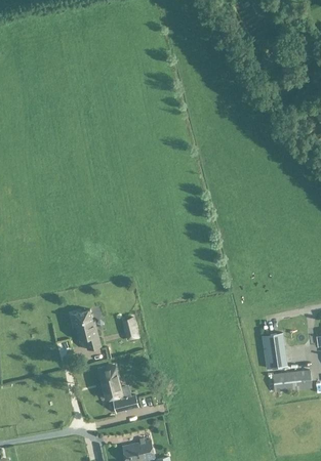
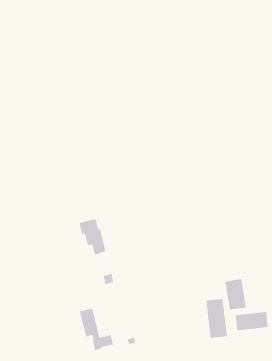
building: [70,308,101,349] -> [79,218,106,255]
building: none -> [206,298,227,339]

